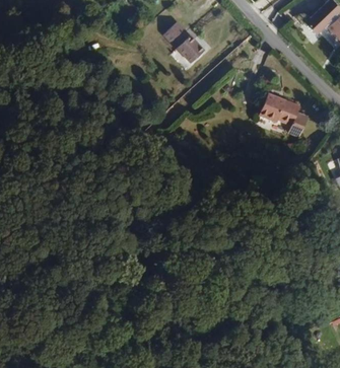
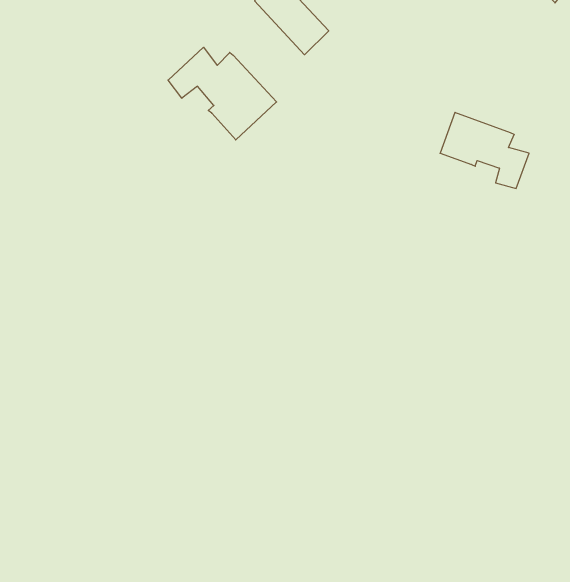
building: none -> [168,47,277,140]

